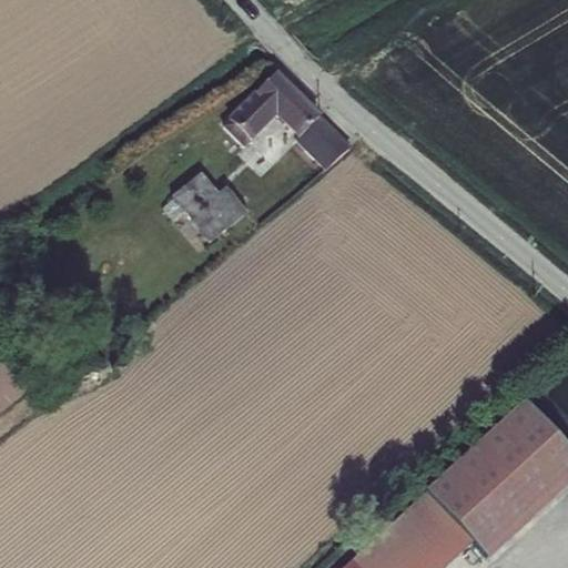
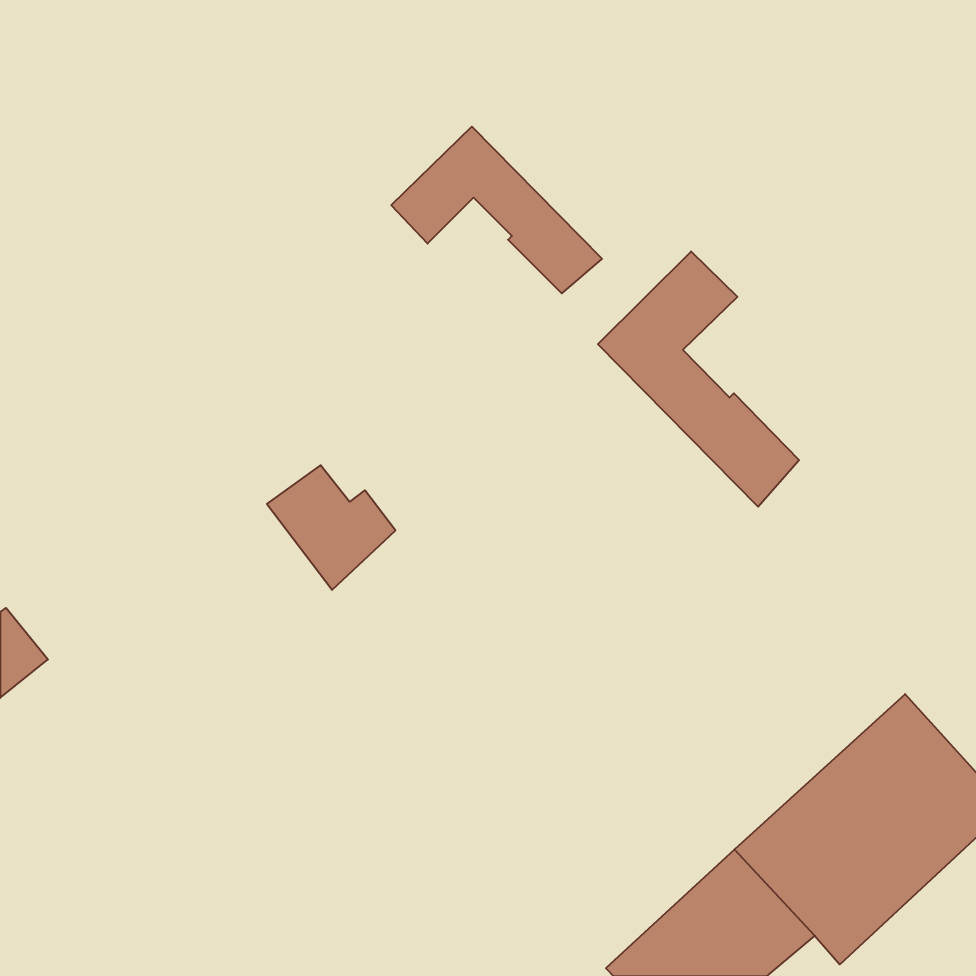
building: none -> [598,251,799,507]
building: [171,171,245,243] -> [267,465,395,590]

